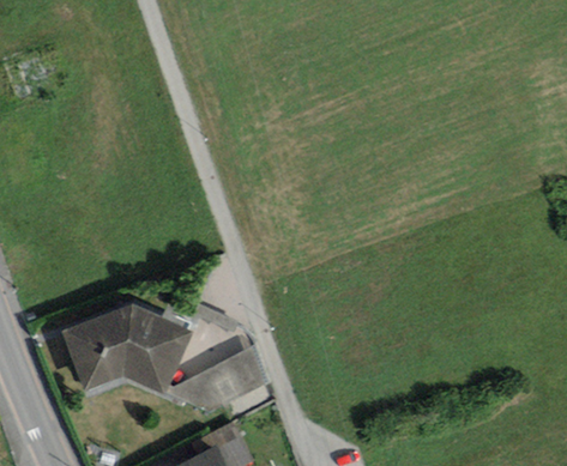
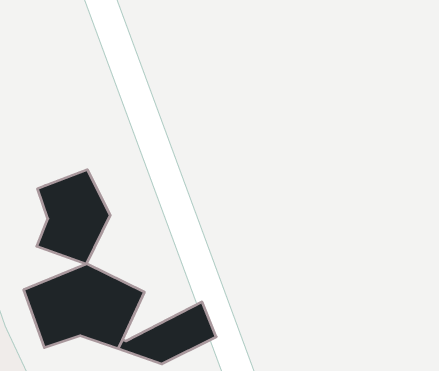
building: none -> [37,170,110,264]

